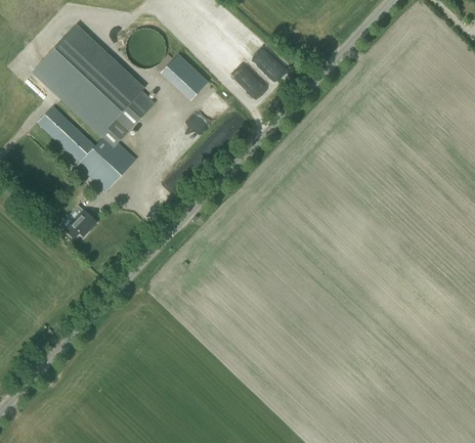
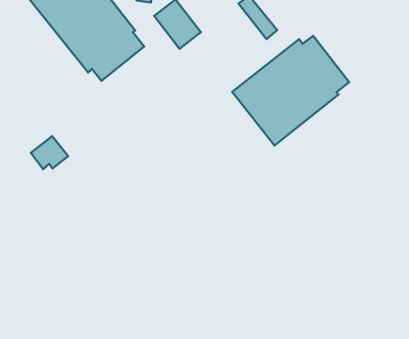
building: none -> [232,36,349,145]
building: [38,107,135,190] -> none

